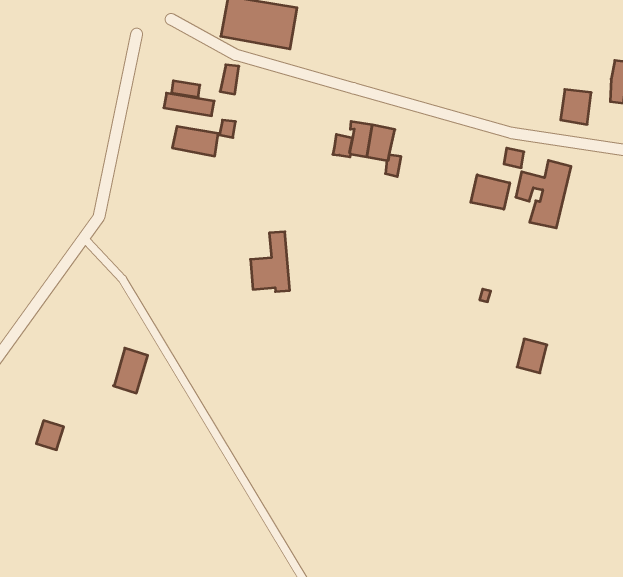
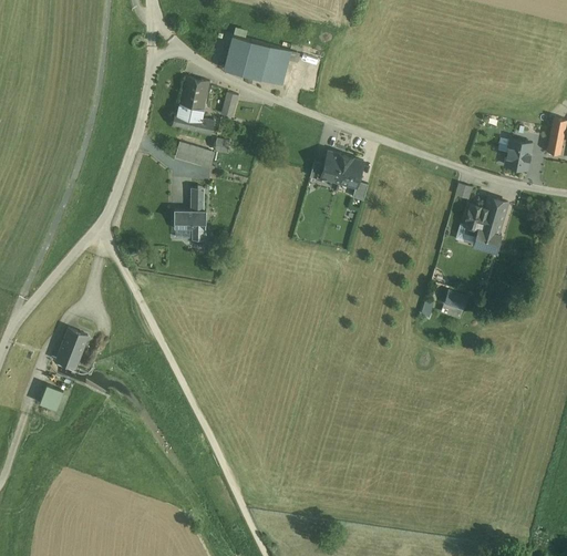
building: none -> [181,80,208,110]
building: [471,175,510,209] -> none
building: [250,232,290,292] -> [174,191,205,240]
building: [517,339,547,373] -> [440,288,466,318]
building: [113,348,148,393] -> [56,327,87,365]

